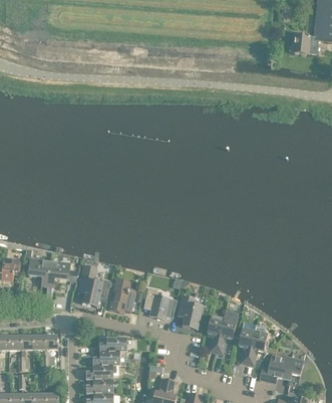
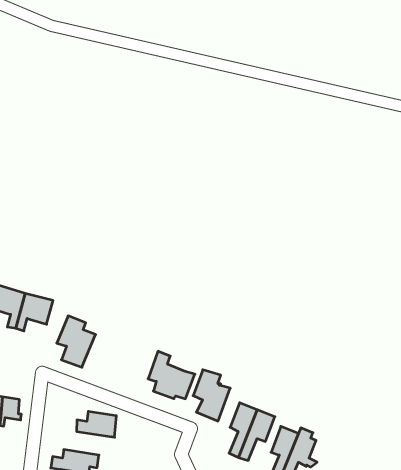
building: [107,279,135,311] -> none
building: [92,351,124,365] -> none

